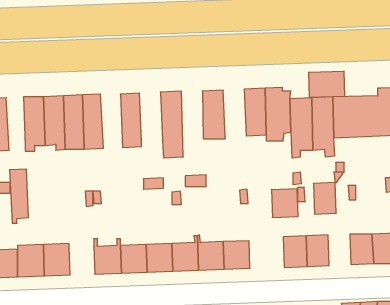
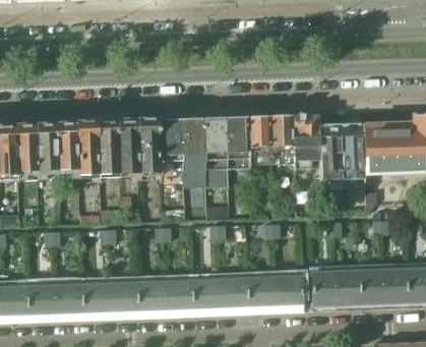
building: [309,71,345,98] -> none
building: none -> [247,115,271,166]
building: none -> [202,117,227,187]
building: none -> [158,118,182,171]
building: none -> [116,120,139,178]
building: [9,169,28,223] -> [15,123,36,181]
building: [313,183,336,214] -> [359,270,383,303]
building: [271,189,298,217] -> [275,276,303,306]
building: none -> [82,283,110,313]

